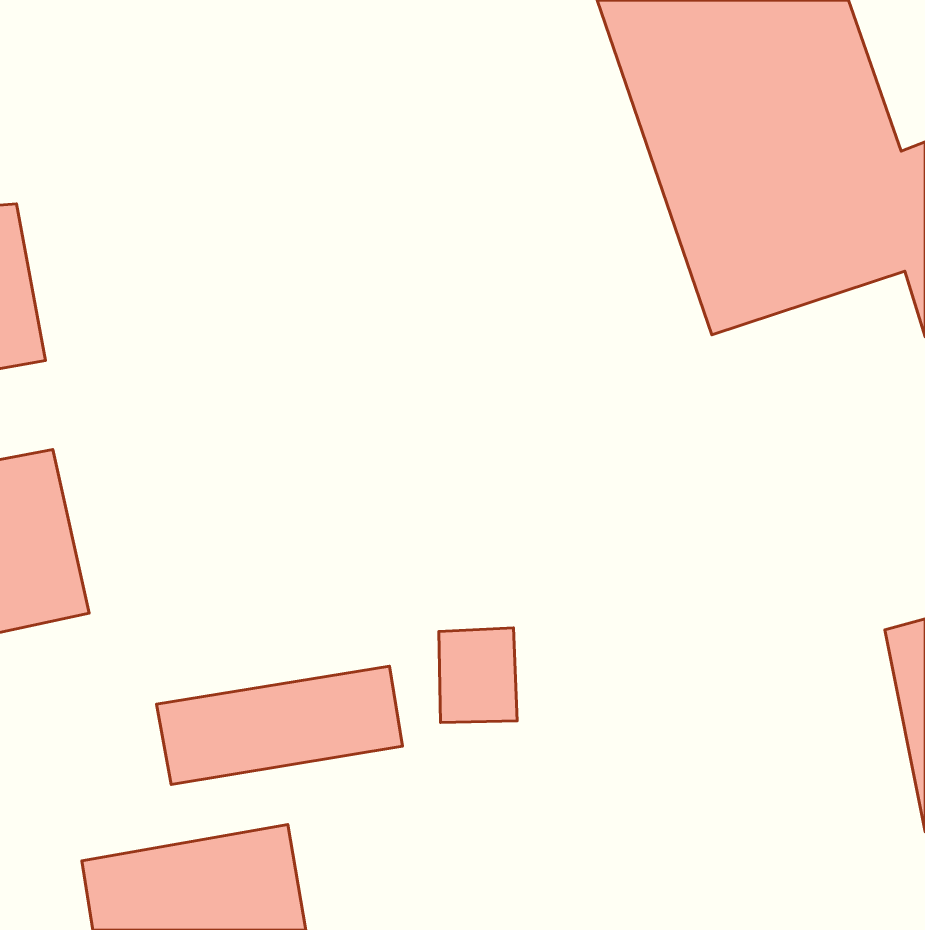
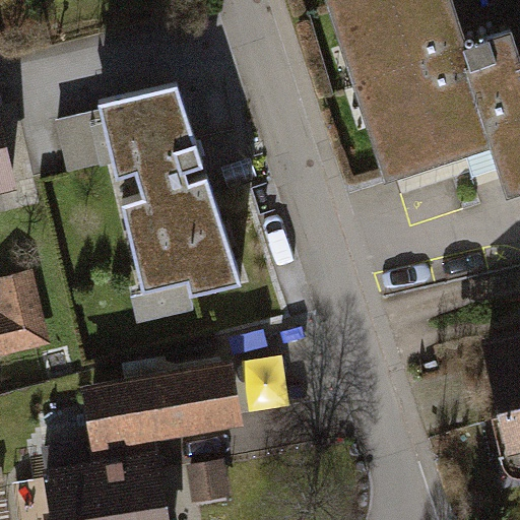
building: none -> [93,80,237,325]

